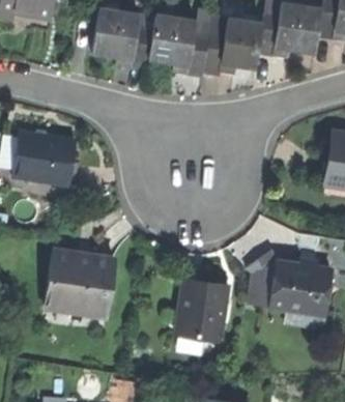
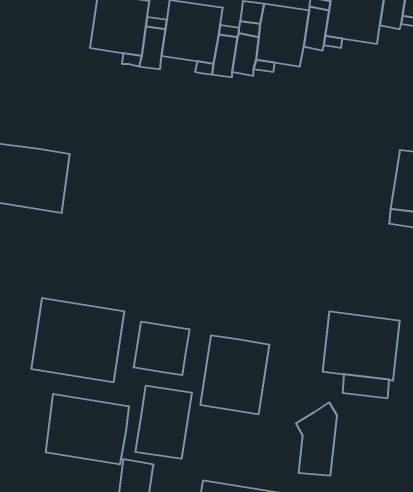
building: [246,250,278,307] -> [296,402,337,476]
building: none -> [134,322,190,375]
building: none -> [136,386,192,459]
building: none -> [46,394,129,465]

